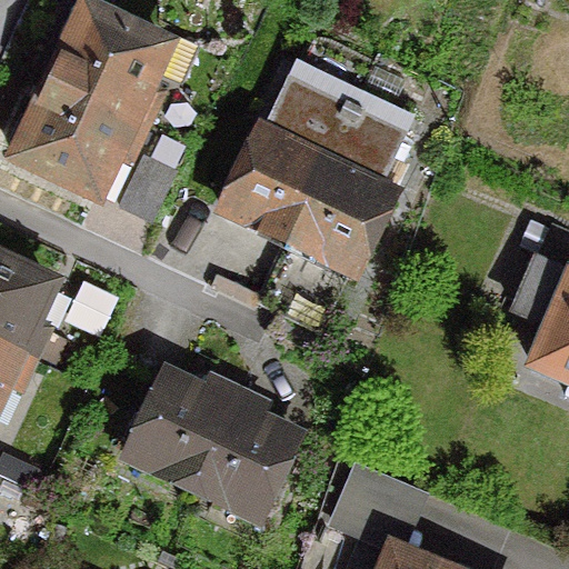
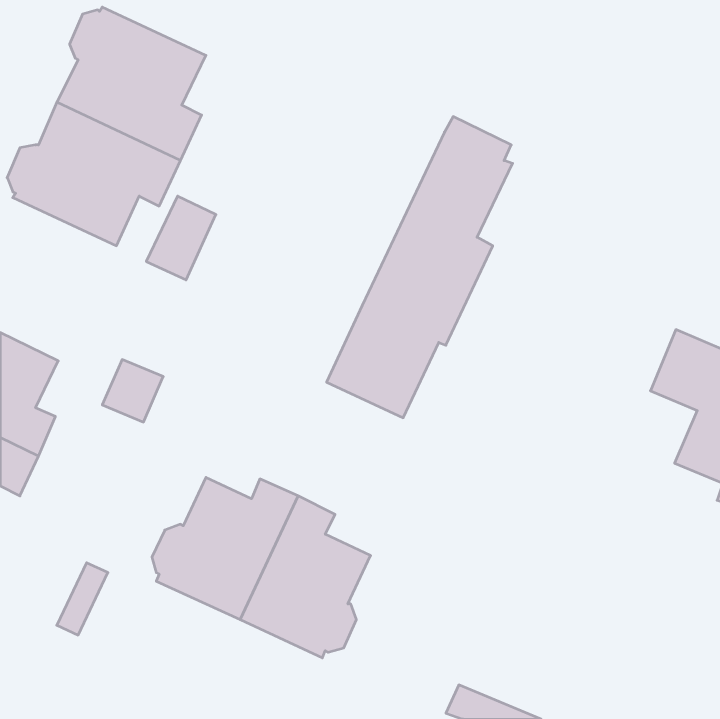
building: [222,72,352,239] -> none

